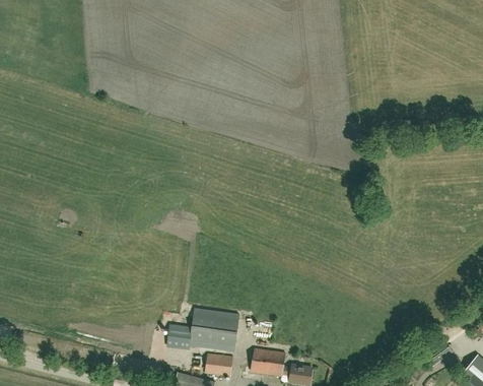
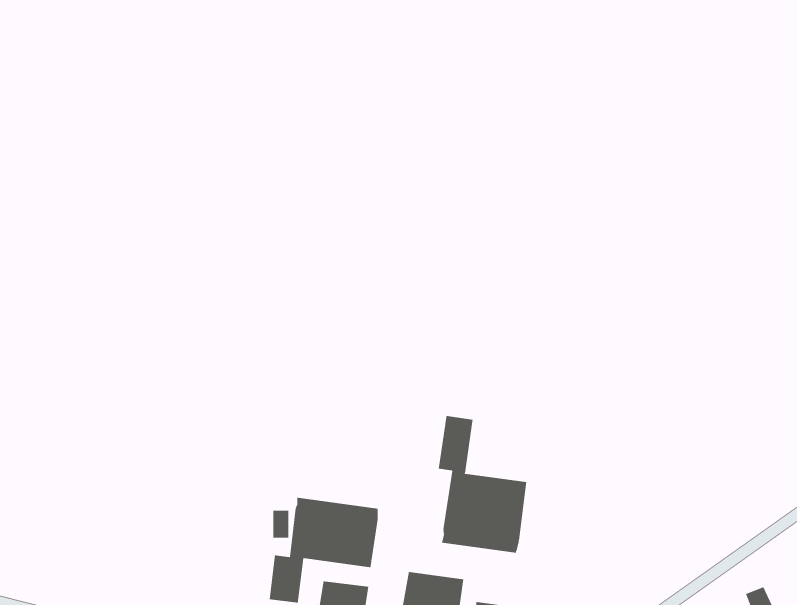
building: none -> [438,415,527,554]

